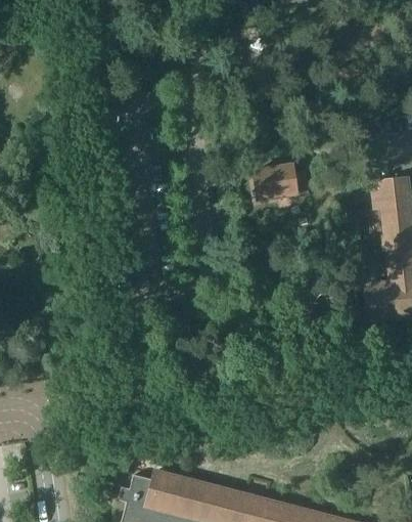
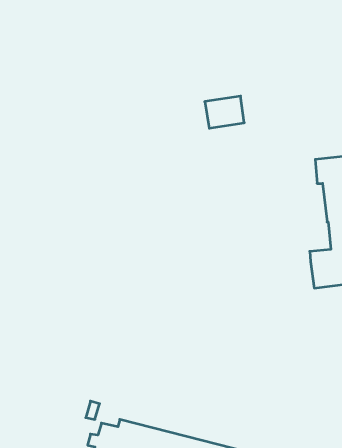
building: [254,166,297,202] -> [205,96,244,128]

